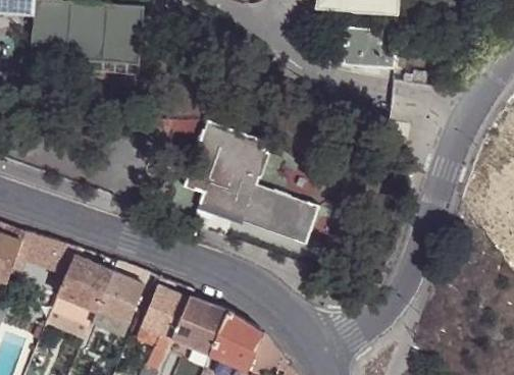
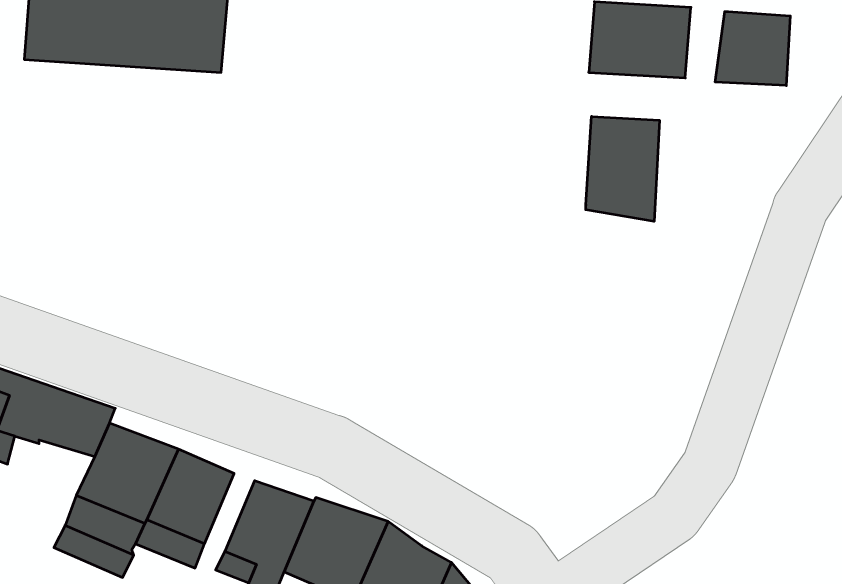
building: none -> [715,12,790,86]
building: none -> [586,116,659,221]
building: [184,120,317,243] -> none

